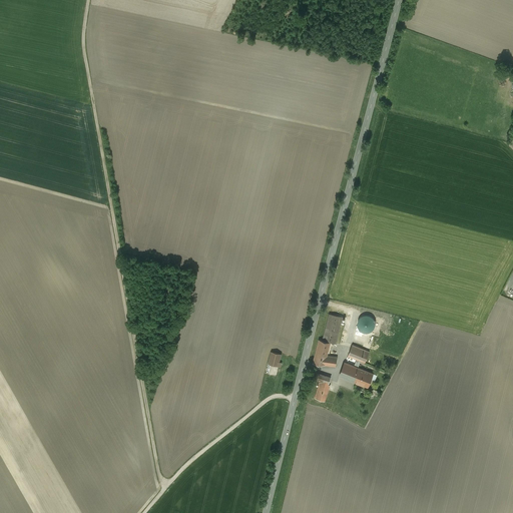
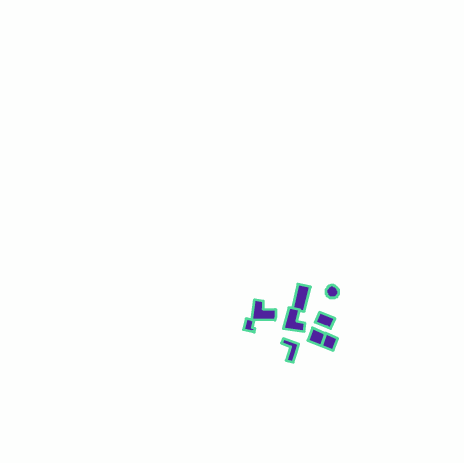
building: none -> [252,300,276,320]

